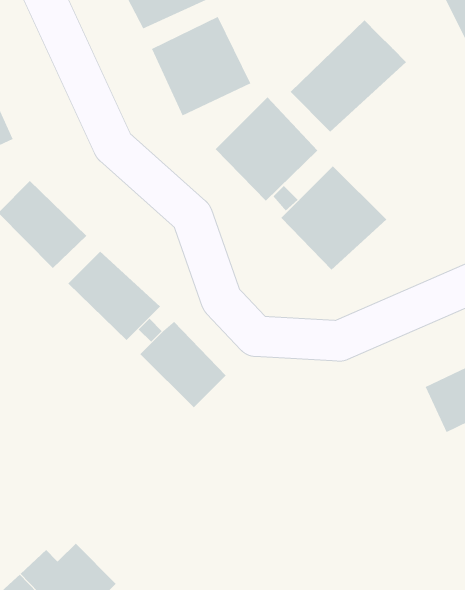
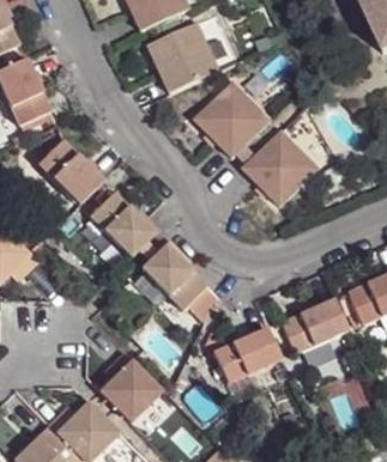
building: [290,20,407,132] -> none
building: none -> [280,296,349,353]
building: none -> [214,327,280,384]
building: none -> [104,353,167,424]

